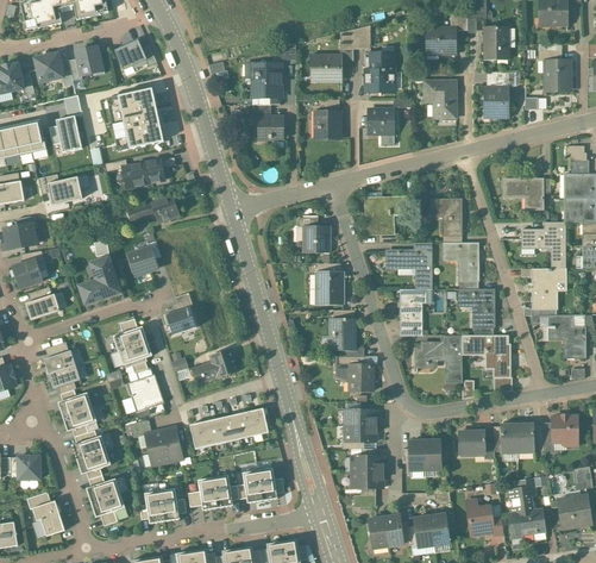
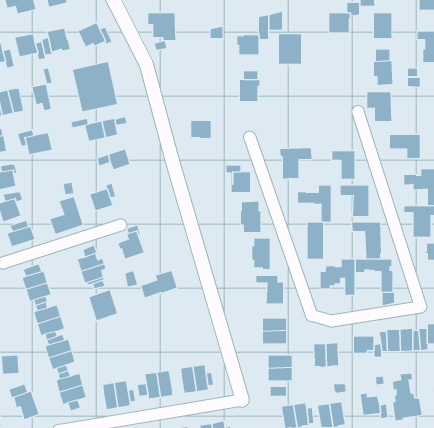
building: [245,63,281,98] -> [148,13,176,41]
building: [424,81,456,118] -> [367,92,392,121]
building: [366,110,394,133] -> none
building: [257,117,283,139] -> [190,120,211,138]
building: [189,408,268,449] -> none
building: [144,427,182,465] -> none

